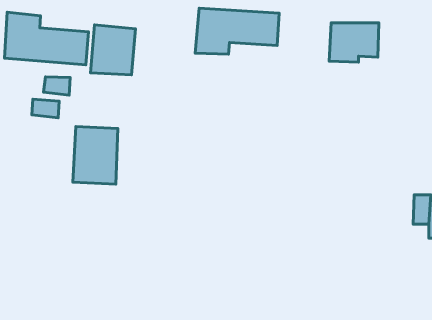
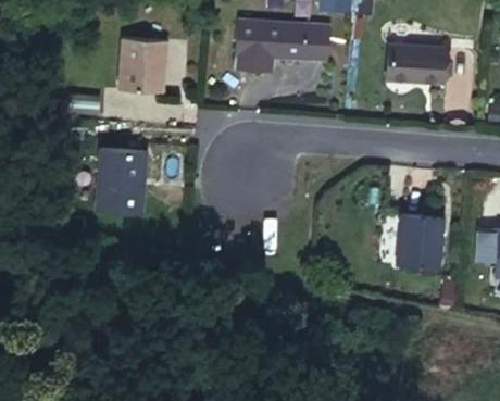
building: [4,12,89,65] -> none
building: none -> [395,214,440,266]

